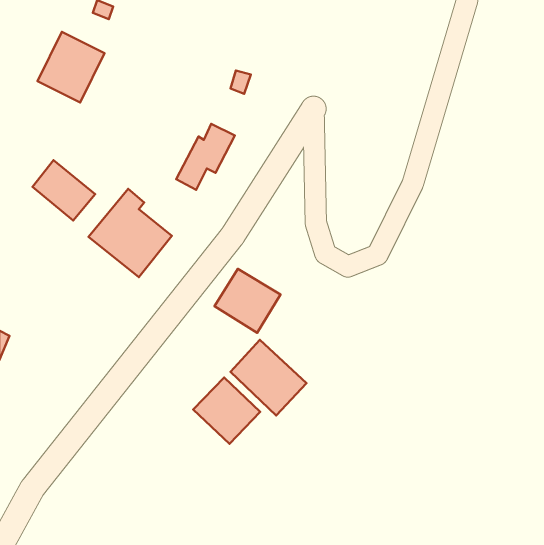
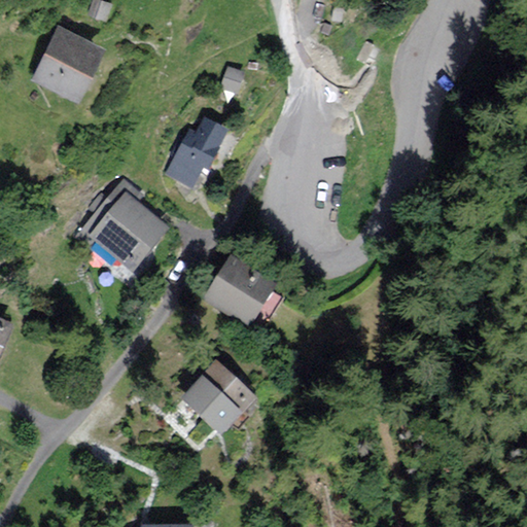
building: [33,160,95,221] -> none
building: [231,340,307,415] -> none

